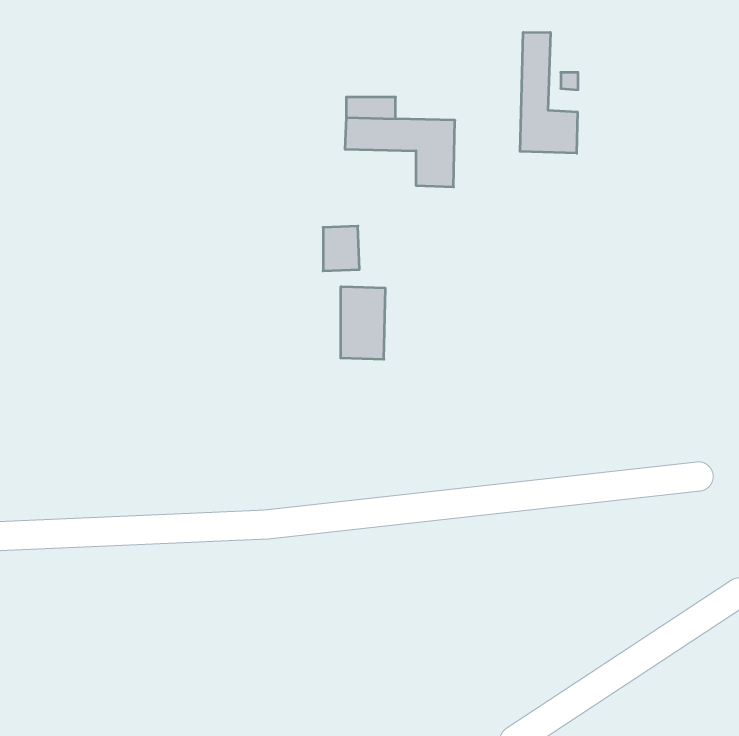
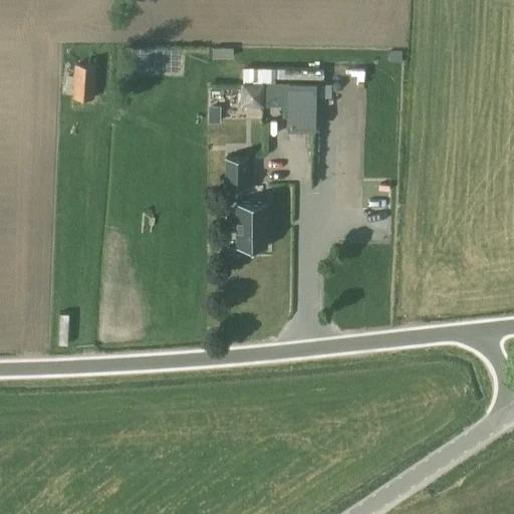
building: [520,32,577,153] -> none
building: none -> [70,66,95,100]

